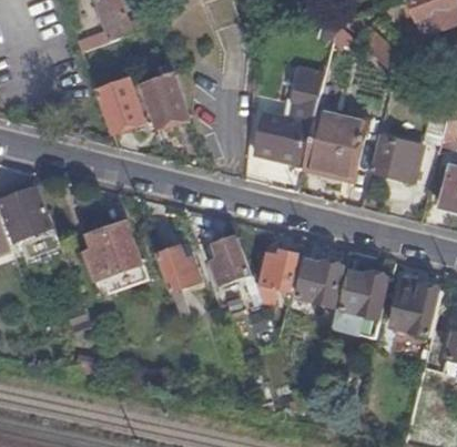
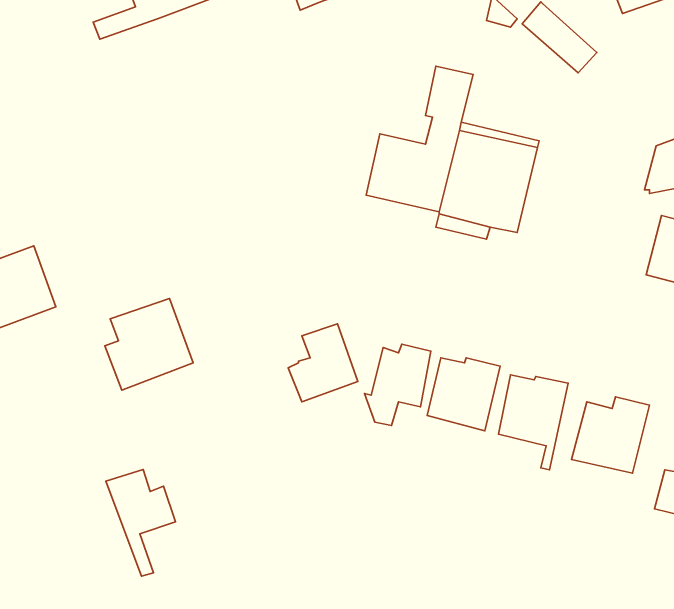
building: [141,72,189,125] -> none
building: [94,77,144,131] -> none
building: [368,135,414,179] -> none
building: [155,245,201,315] -> [106,469,176,576]

